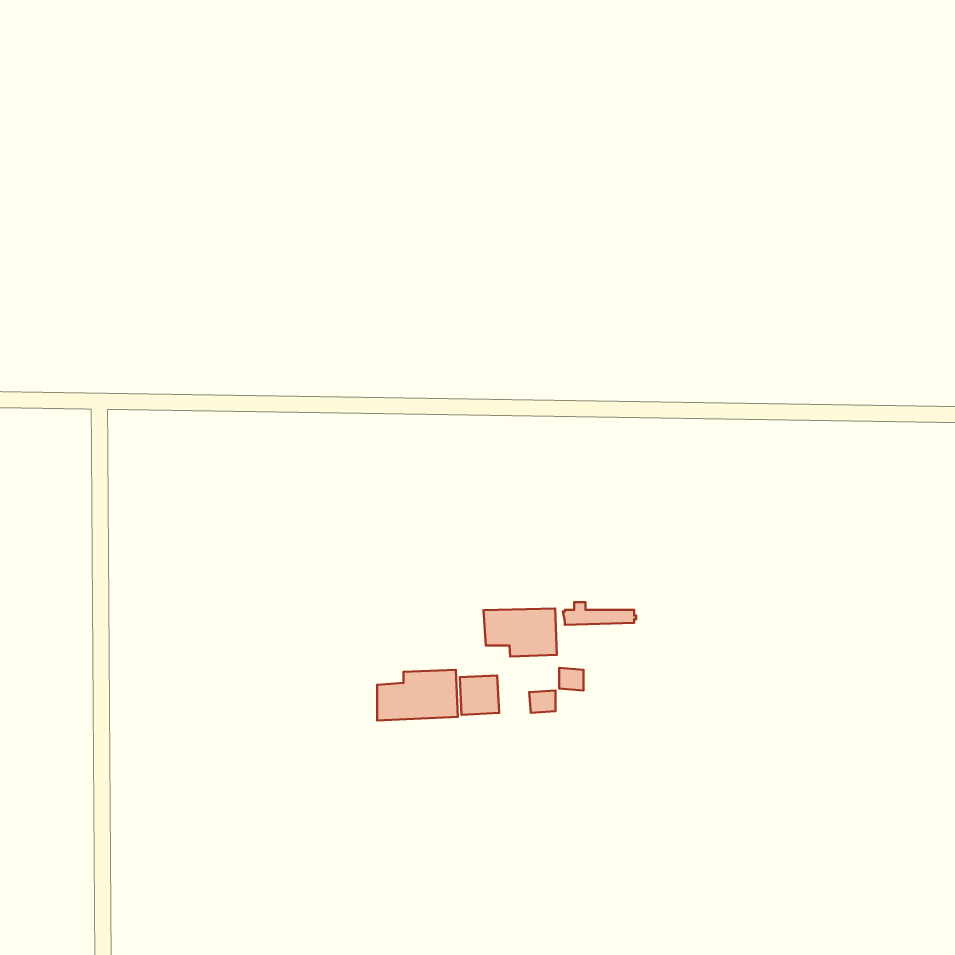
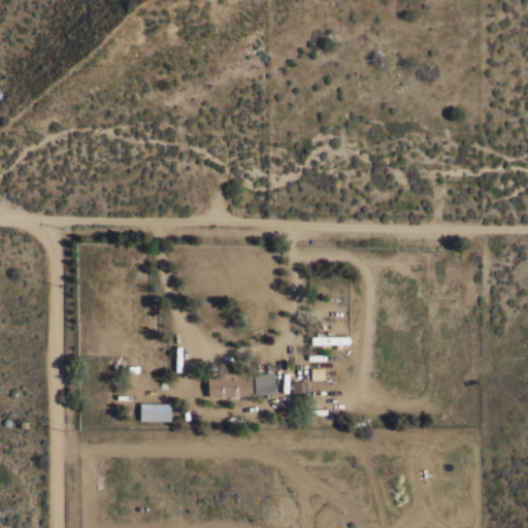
building: [484,608,557,657] -> none
building: none -> [141,404,172,422]

